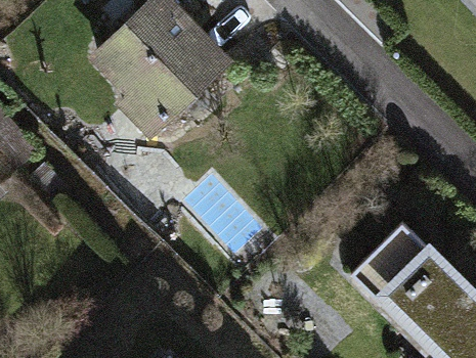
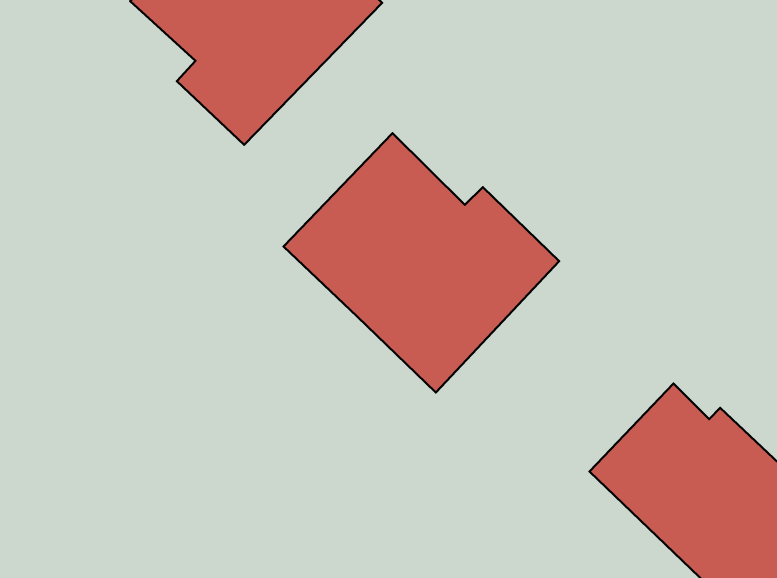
building: none -> [283,133,559,393]

